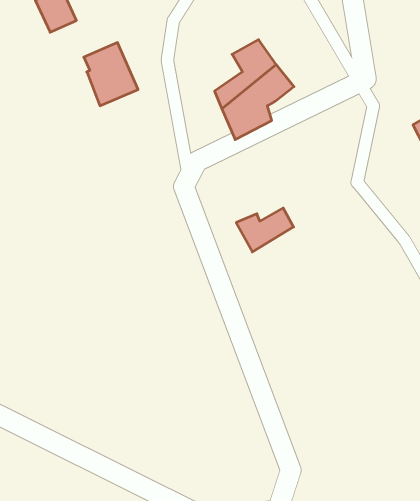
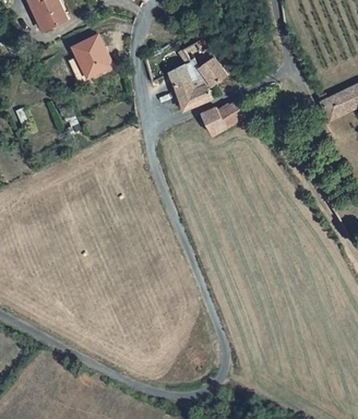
building: [236,208,294,252] -> [202,99,244,132]

